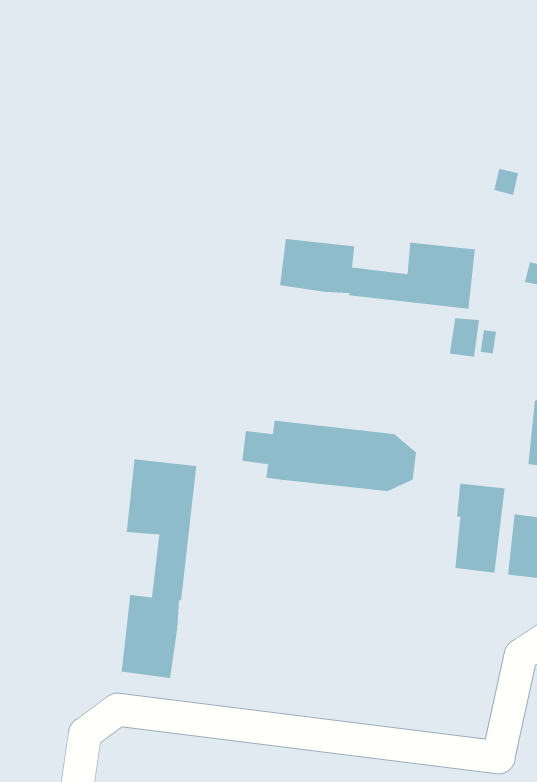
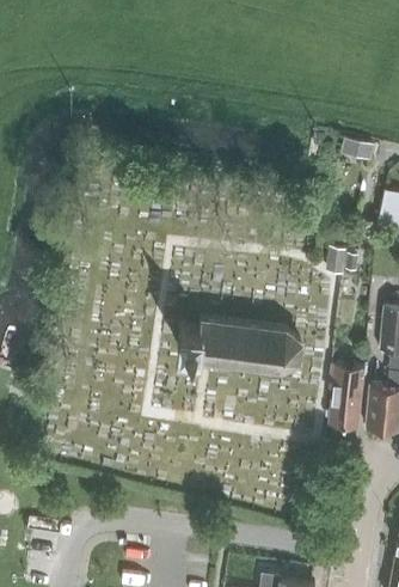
building: [279,238,476,309] -> none
building: [121,458,197,679] -> none

